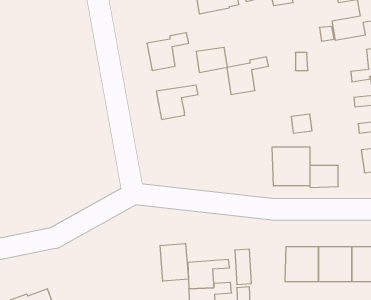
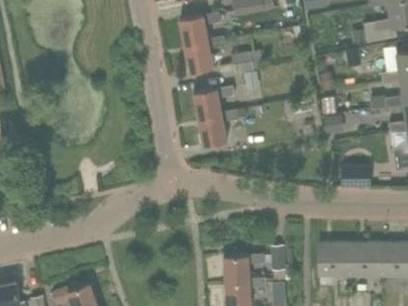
building: none -> [180,12,219,45]
building: [227,57,269,95] -> [198,109,238,145]
building: [272,147,310,186] -> none
building: [160,243,188,281] -> none

